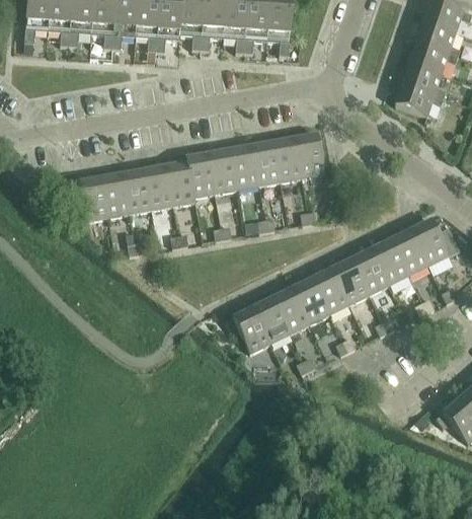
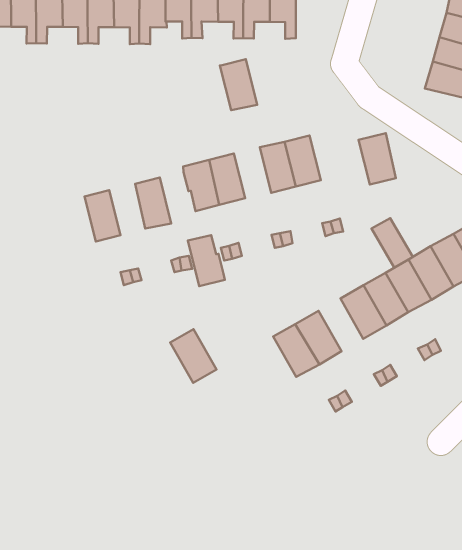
building: [295,134,324,176] -> [359,133,396,184]
building: [230,145,259,188] -> [220,59,257,110]
building: [166,162,195,205] -> [188,235,225,286]
building: [123,169,151,212] -> none
building: [79,177,108,220] -> none
building: none -> [371,218,413,267]
building: [293,278,329,322] -> none
building: [233,306,270,352] -> [170,329,216,383]

